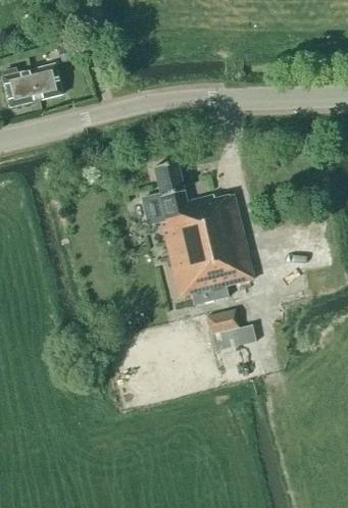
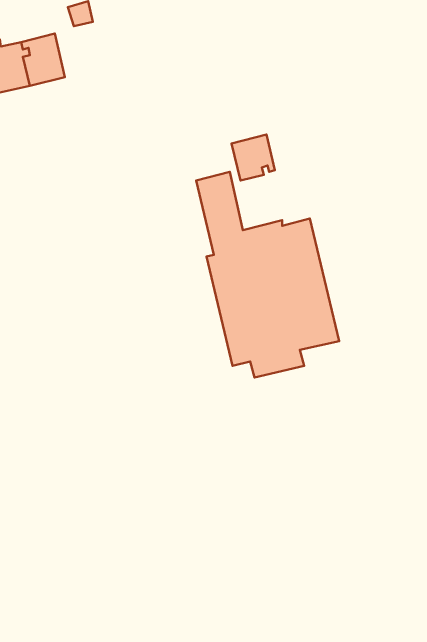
building: none -> [232,134,275,181]
building: [206,307,256,349] -> none

